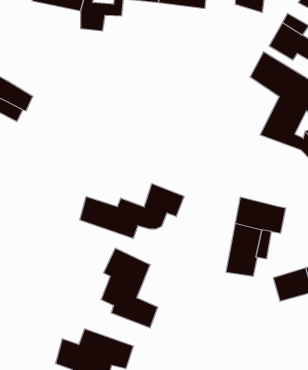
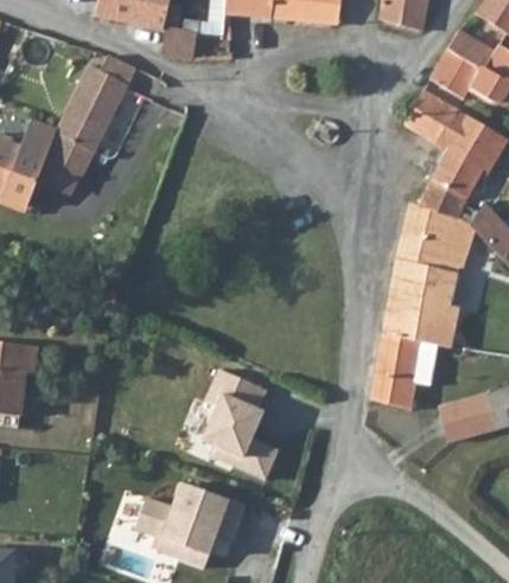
building: none -> [59,55,140,150]
building: none -> [392,203,481,307]
building: [80,184,184,239] -> none

